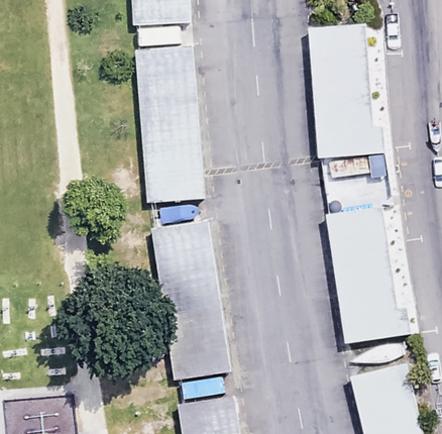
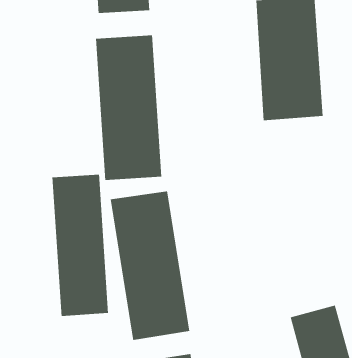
building: [326,181,404,326] -> none
building: none -> [52,174,109,317]

